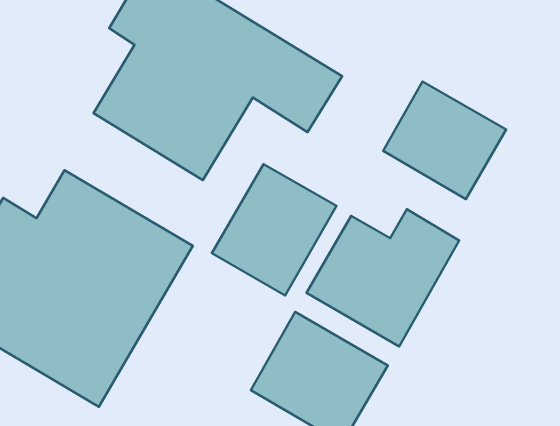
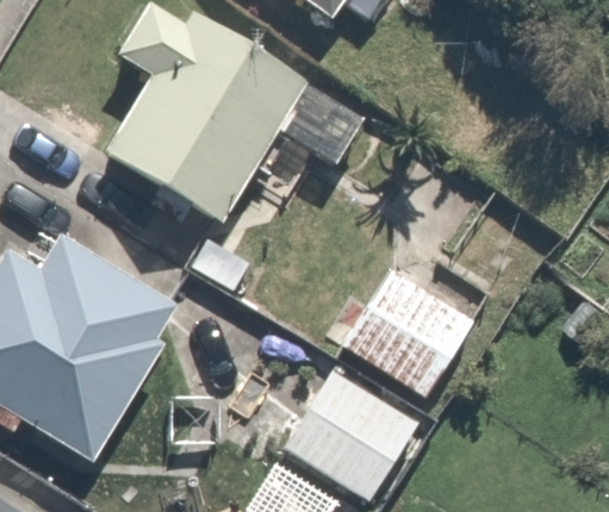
building: [383,82,506,199] -> none
building: [212,164,337,296] -> none

